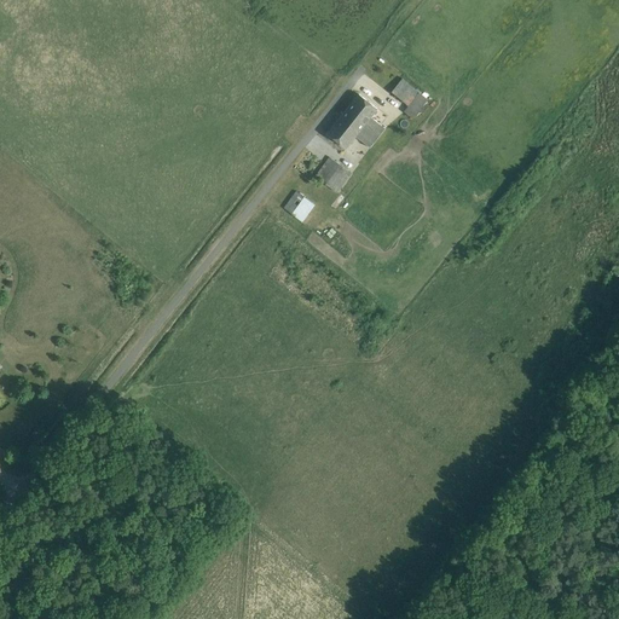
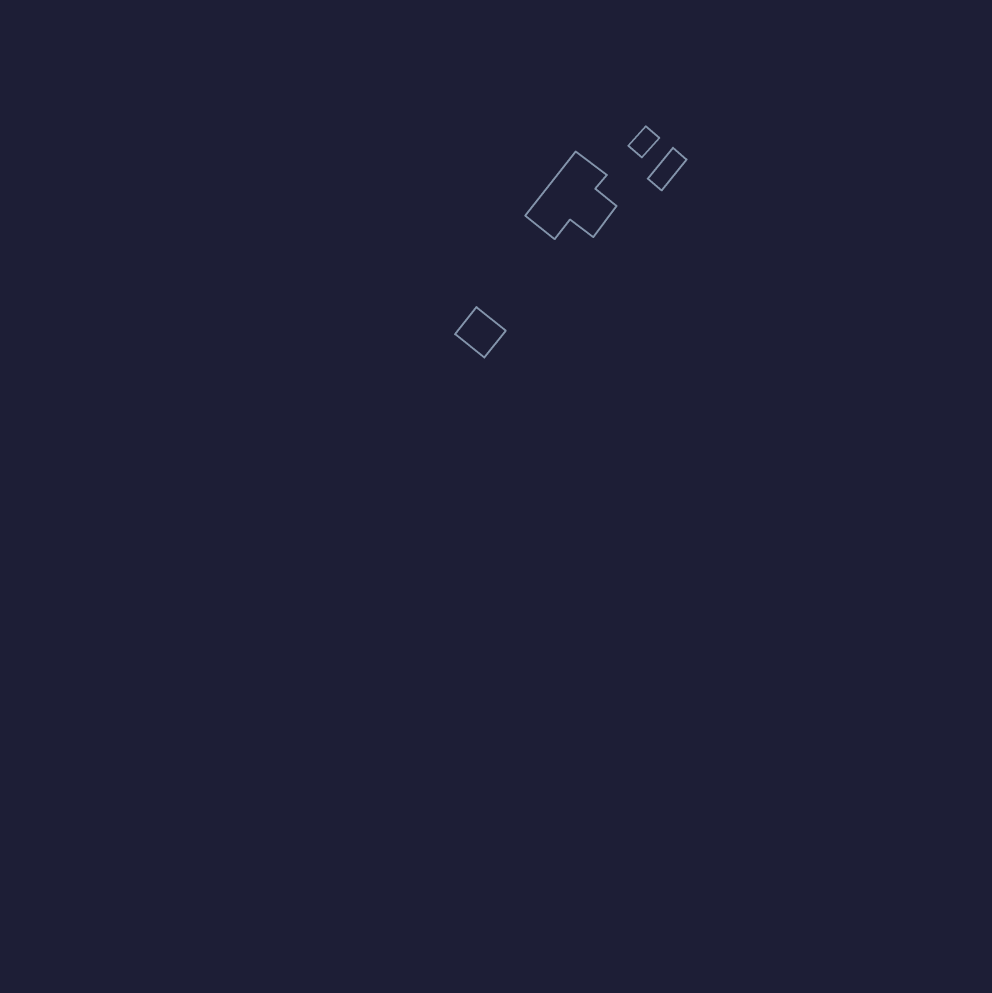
building: [316,156,352,191] -> none

